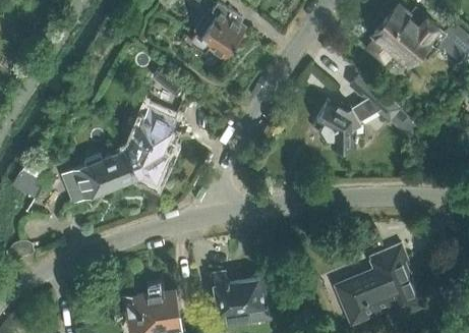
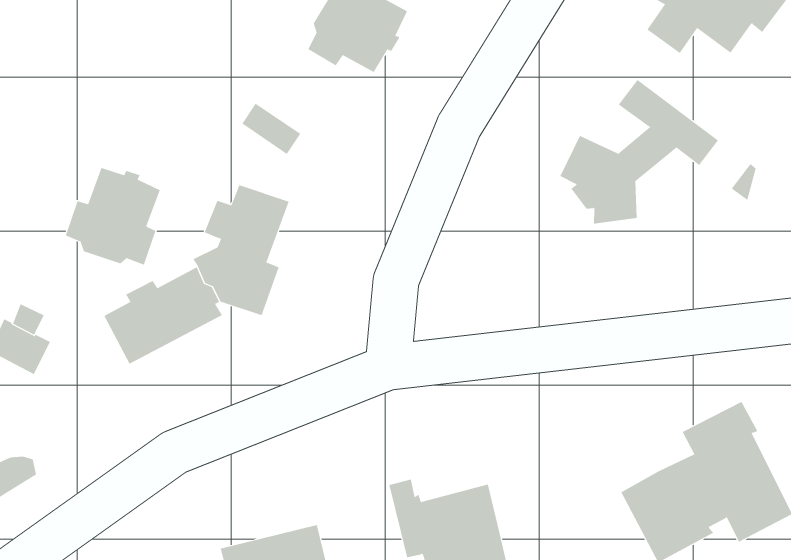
building: none -> [65,167,160,266]

